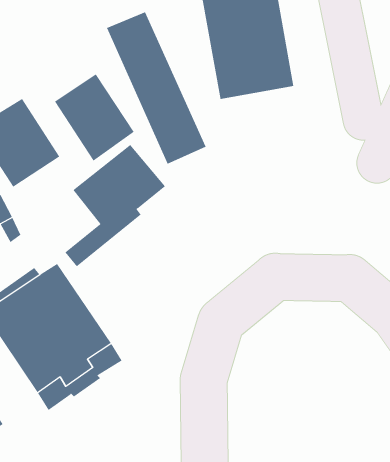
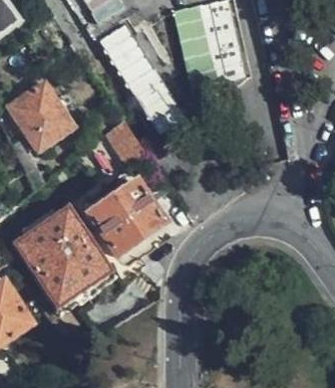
building: [54,74,135,161] -> none
building: none -> [89,181,165,256]

